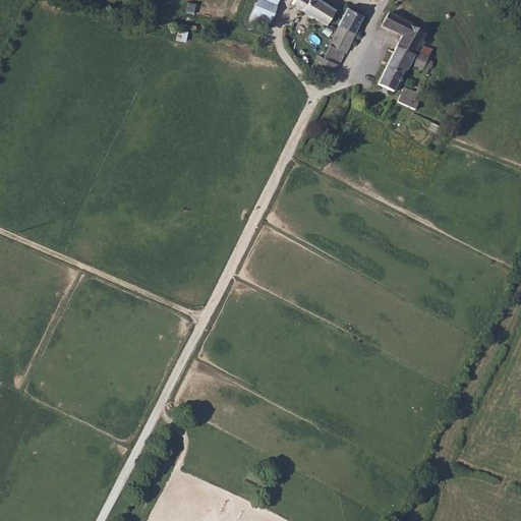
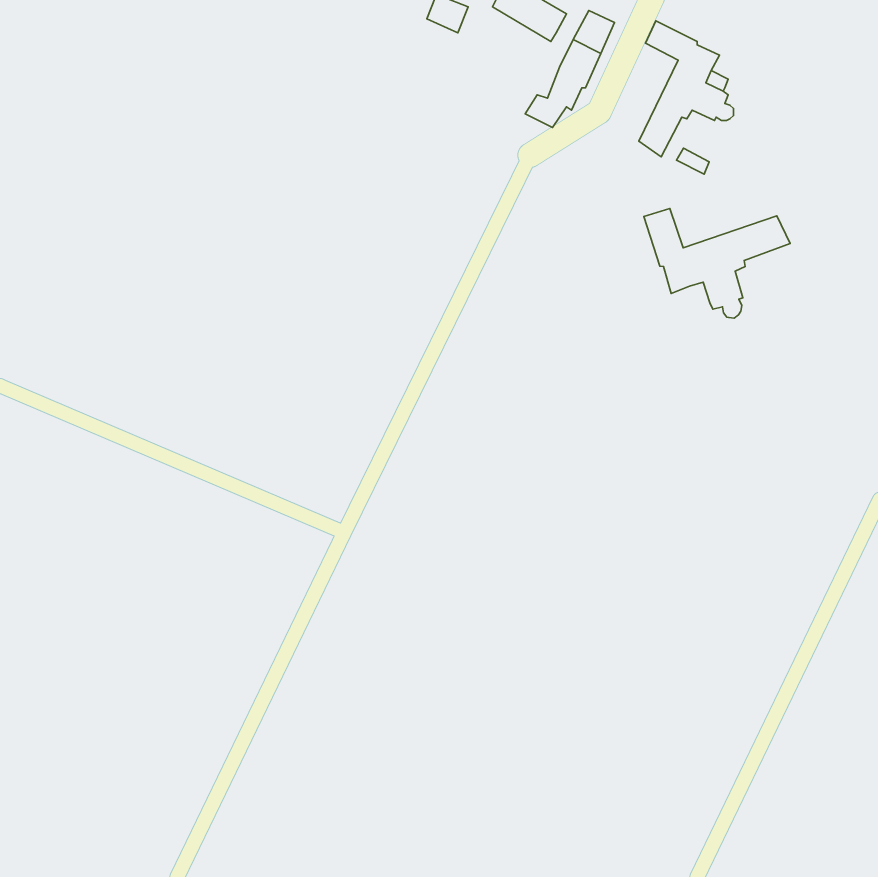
building: none -> [644,208,790,318]

